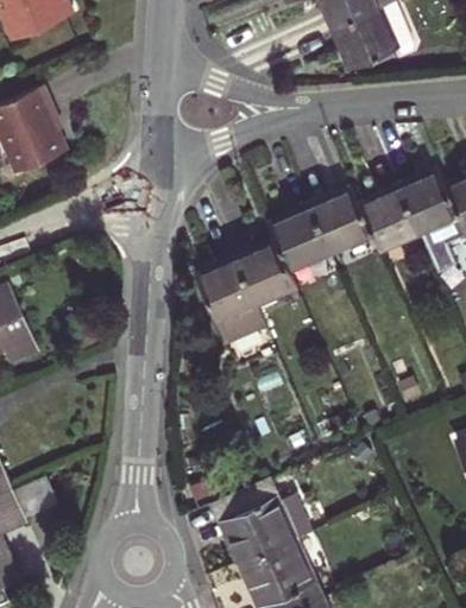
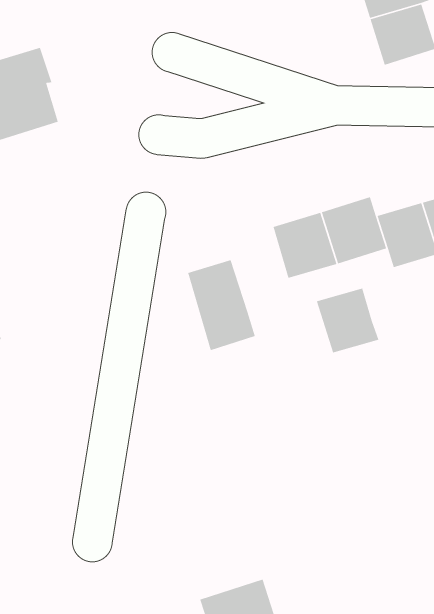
building: [235,241,296,303] -> [316,287,379,353]
building: [214,479,296,564] -> none

